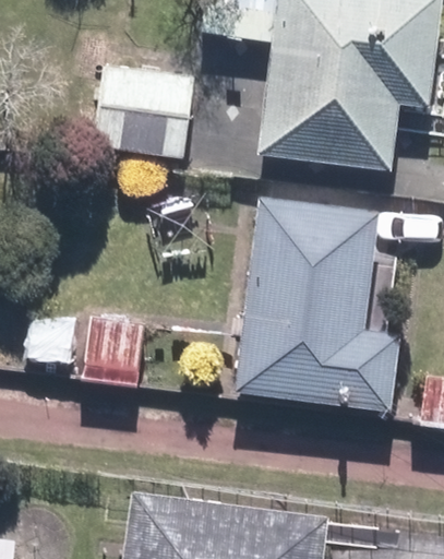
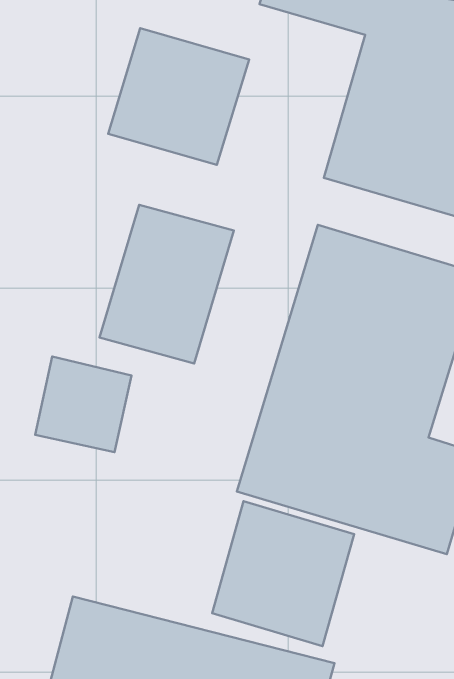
building: none -> [99,205,234,364]
building: none -> [212,501,354,646]

